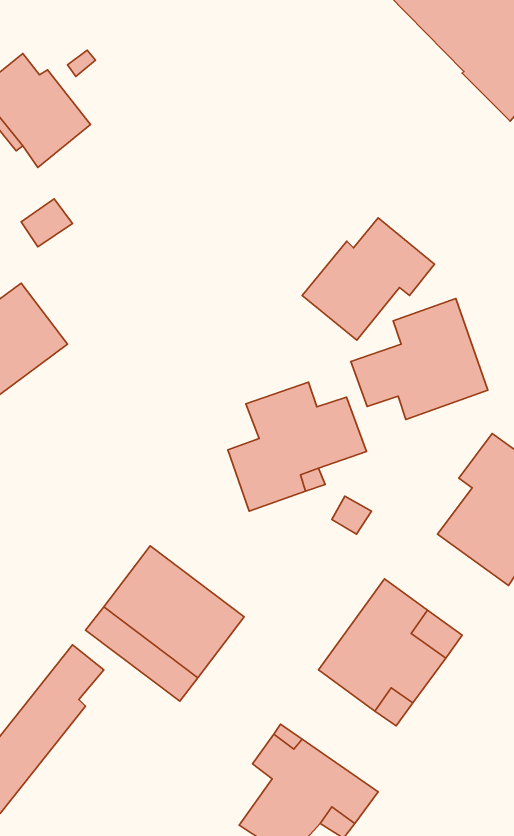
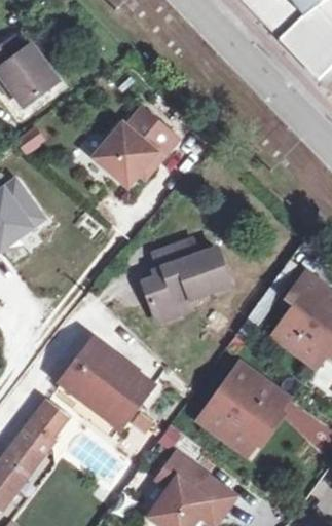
building: [302,218,434,340] -> [95,109,177,185]
building: [351,299,488,419] -> none

